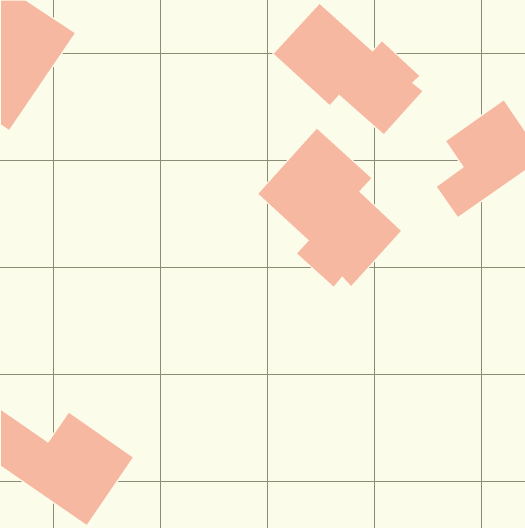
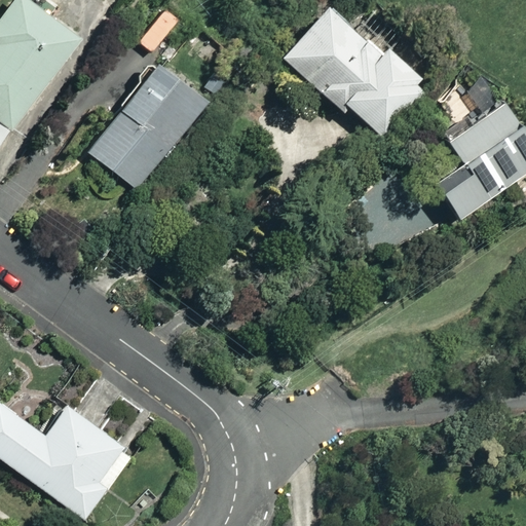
building: none -> [88,61,204,191]
building: [257,128,402,287] -> none

